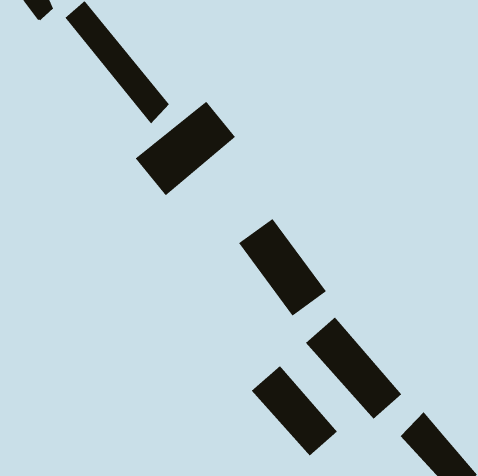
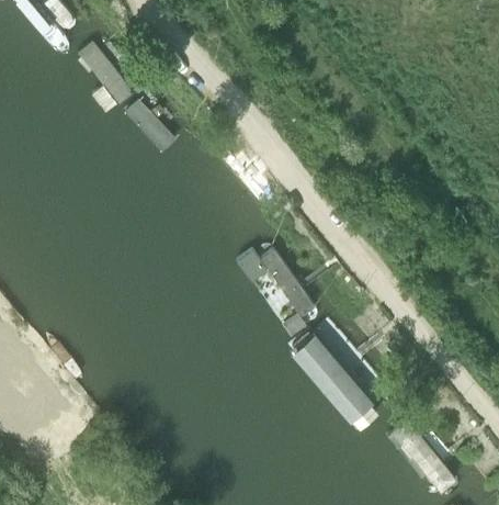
building: [135,101,236,196] -> none
building: [251,365,338,456] -> none

